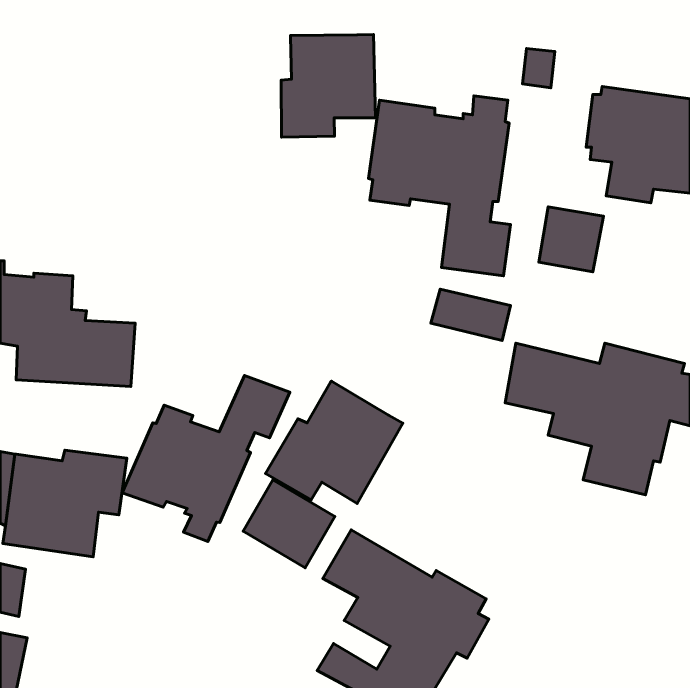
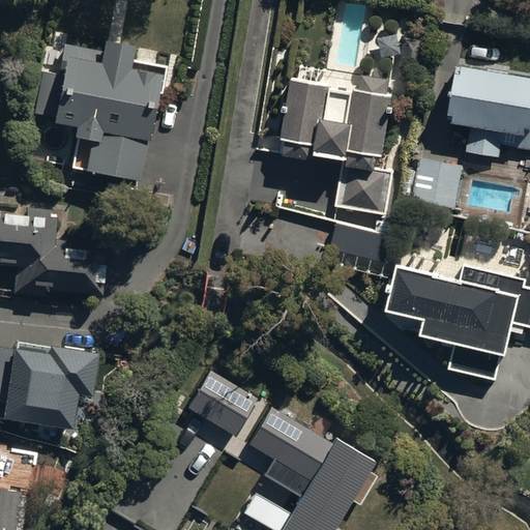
building: [281,34,376,137] -> none
building: none -> [38,41,160,180]
building: [122,376,290,541] -> none
building: [265,381,403,504] -> none

